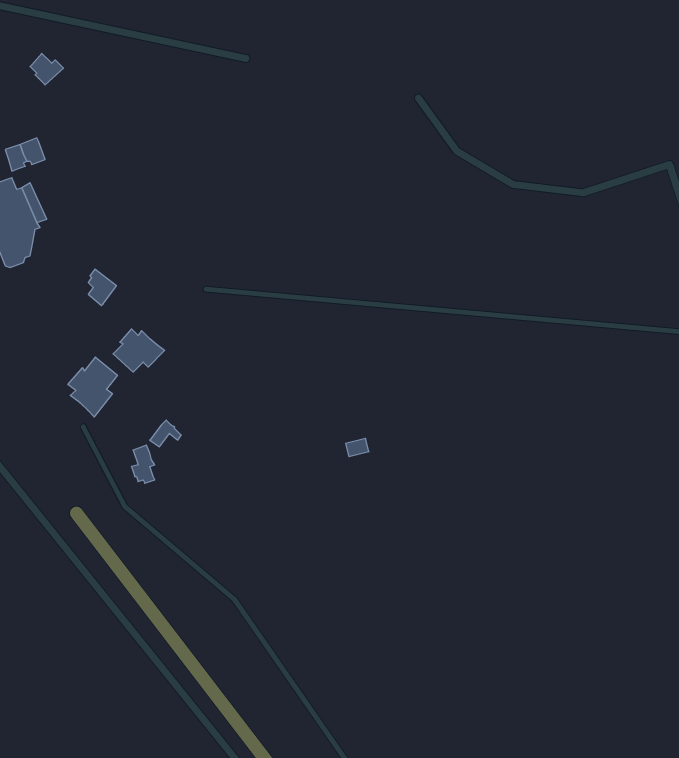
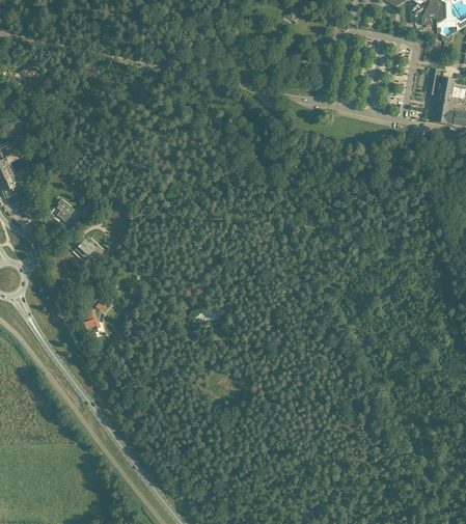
building: [68,357,117,417] -> none

